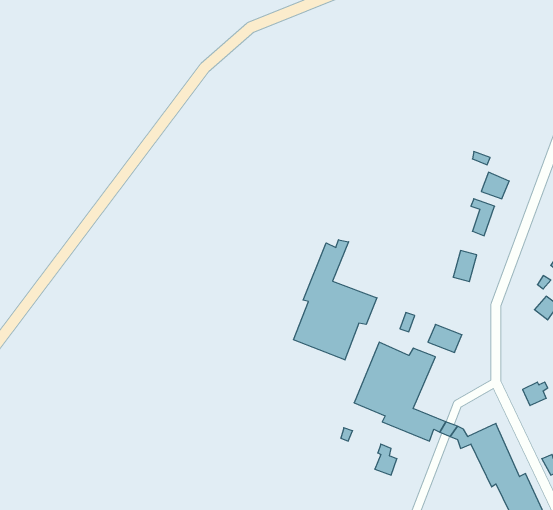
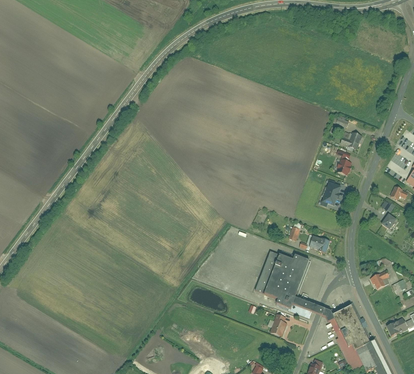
building: [294,240,377,360] -> none

